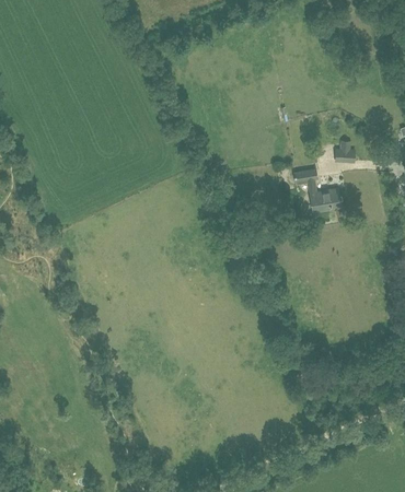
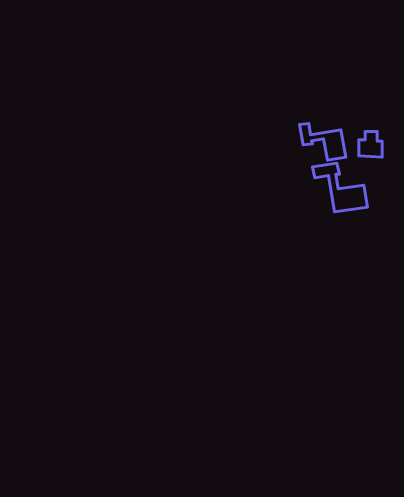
building: none -> [299,123,346,160]

